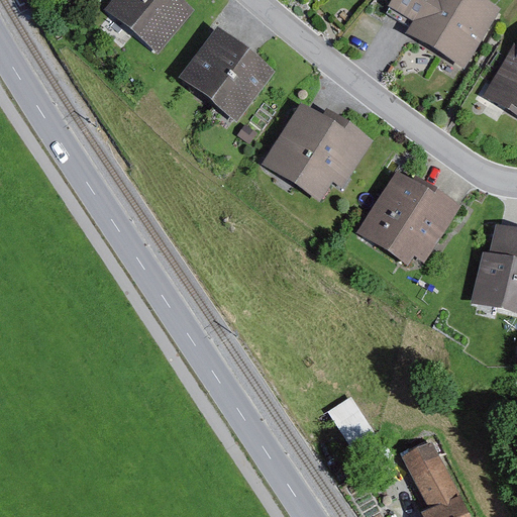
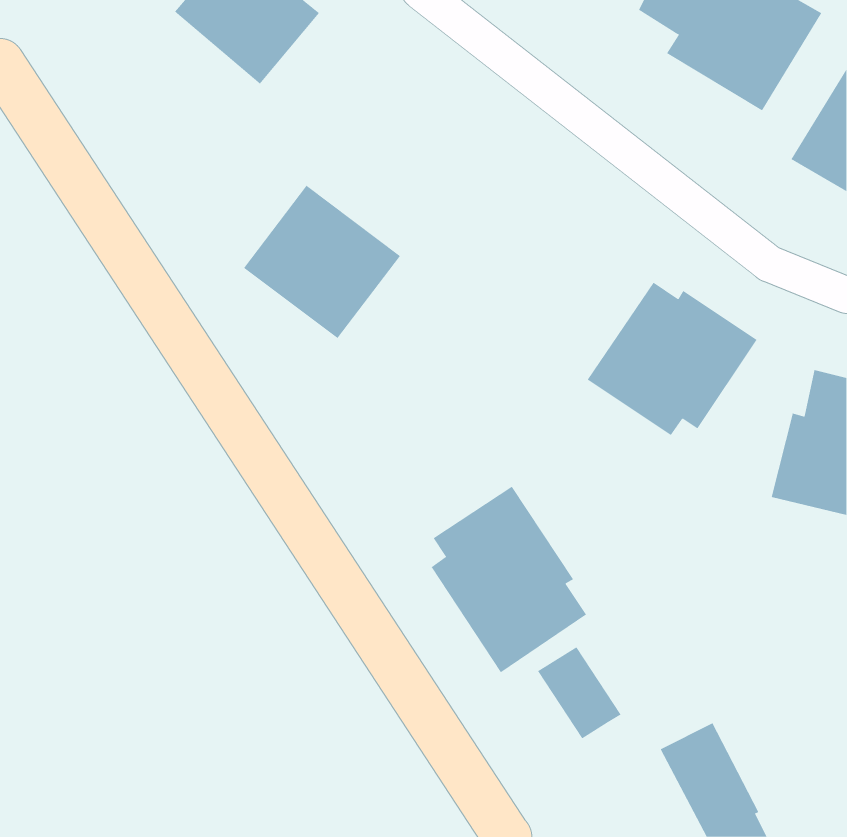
building: [180,27,276,121] -> [243,185,401,339]
building: [262,102,374,200] -> none
building: none -> [431,486,587,673]

